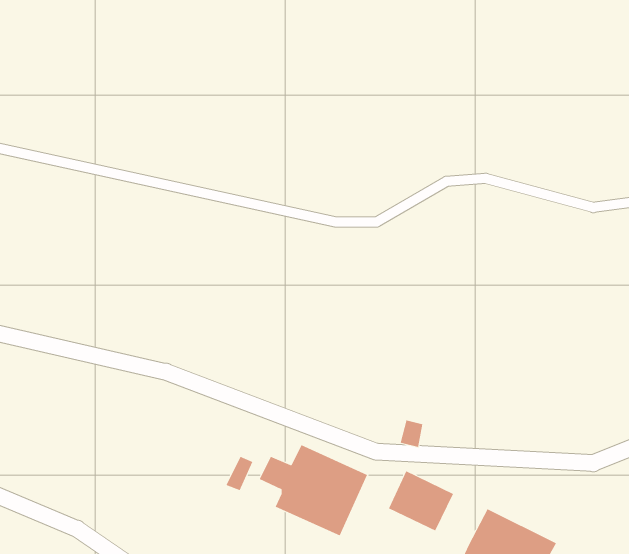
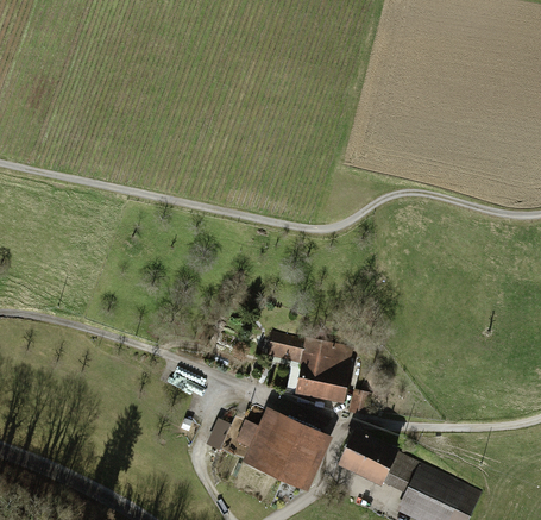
building: none -> [269,336,351,400]
building: none -> [379,452,421,494]

